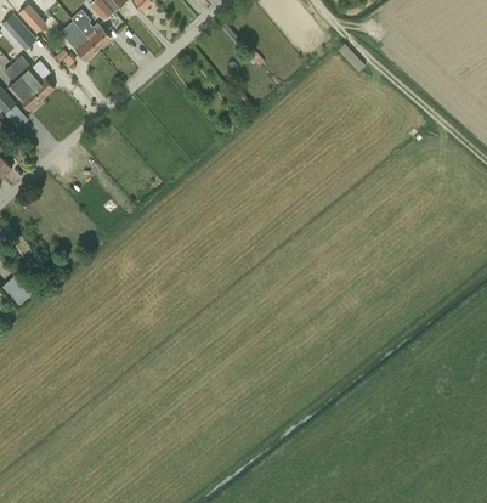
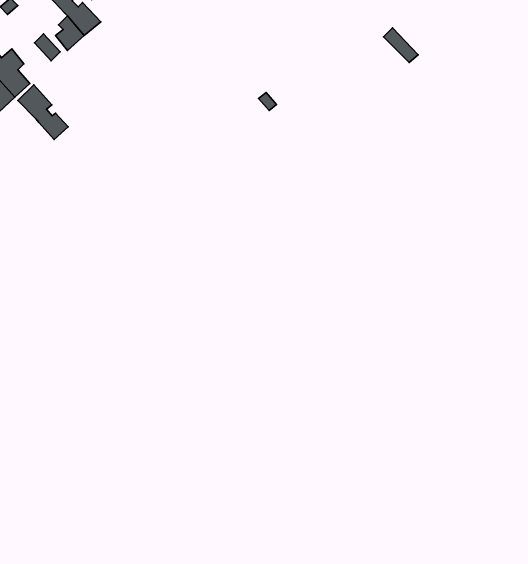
building: none -> [18,85,68,140]

